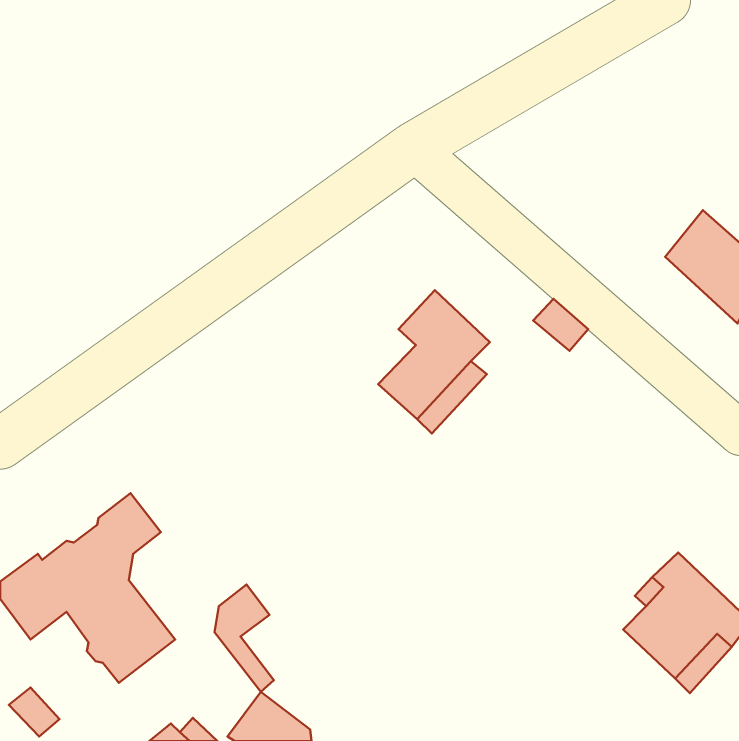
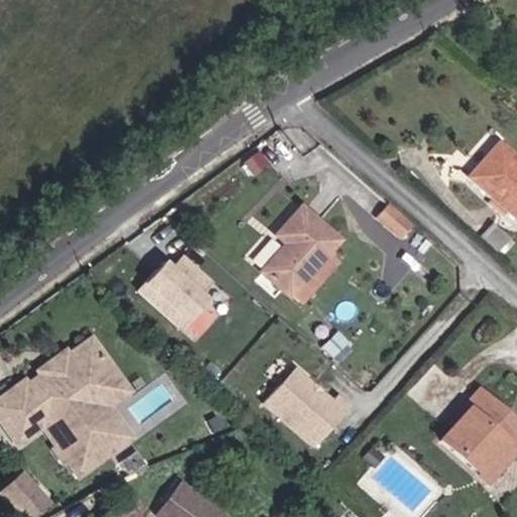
building: none -> [138,254,221,330]
building: none -> [268,367,348,445]
building: [214,584,274,692] -> [91,371,132,445]

